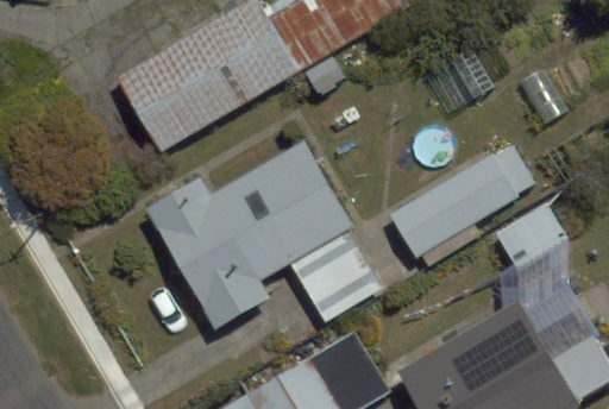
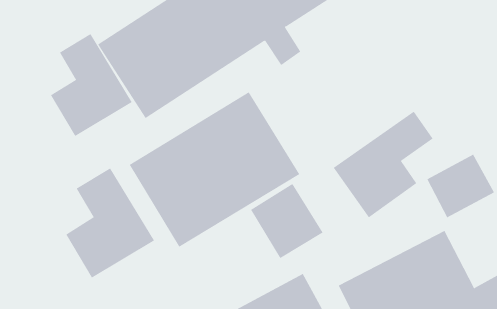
building: none -> [50,33,133,137]
building: none -> [65,167,155,278]

